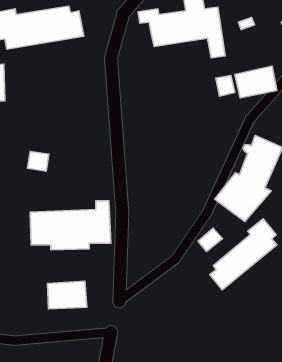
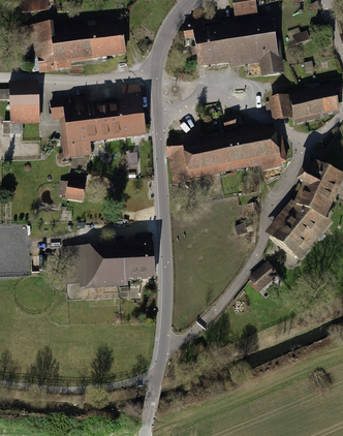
building: none -> [51,84,146,158]
building: none -> [166,127,282,182]
building: [210,219,277,290] -> none
building: [48,281,87,309] -> none

